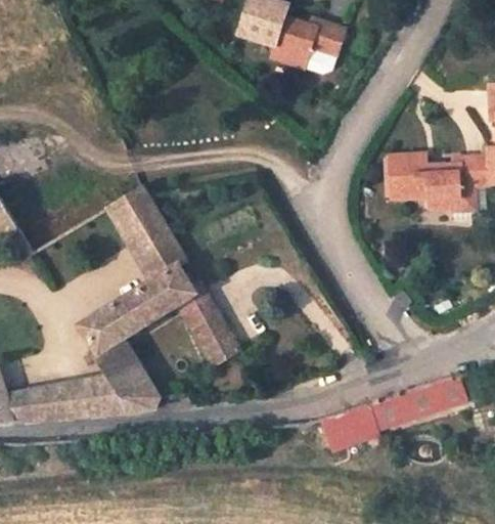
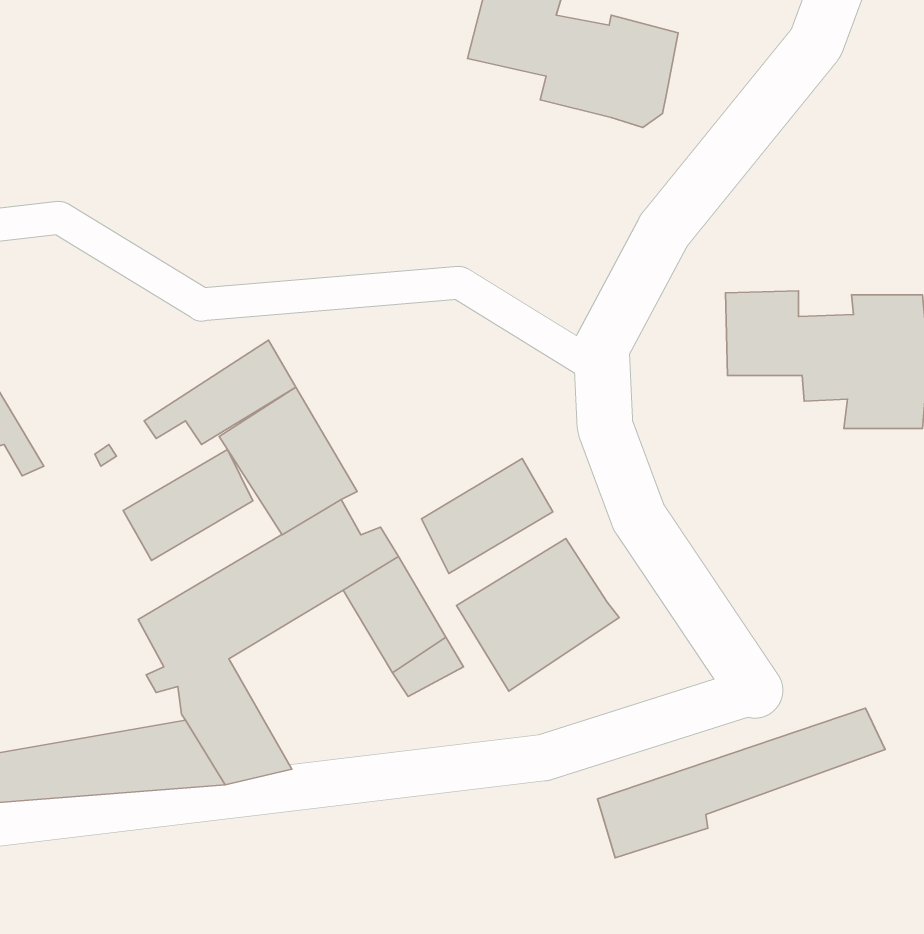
building: none -> [123,450,253,561]
building: none -> [421,459,553,573]
building: none -> [456,539,619,691]

